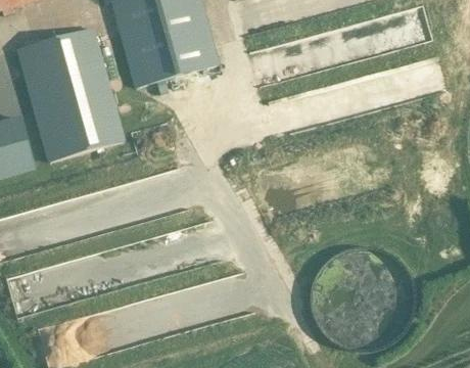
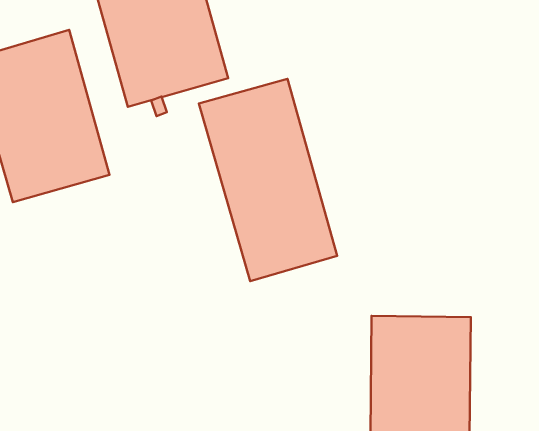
building: none -> [199,79,337,281]

